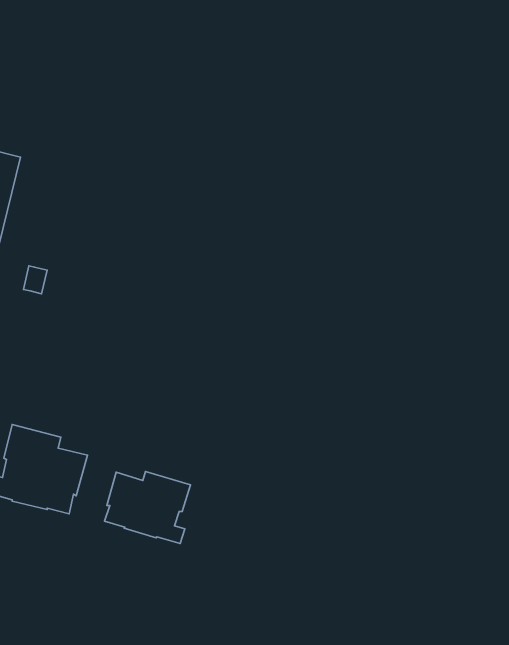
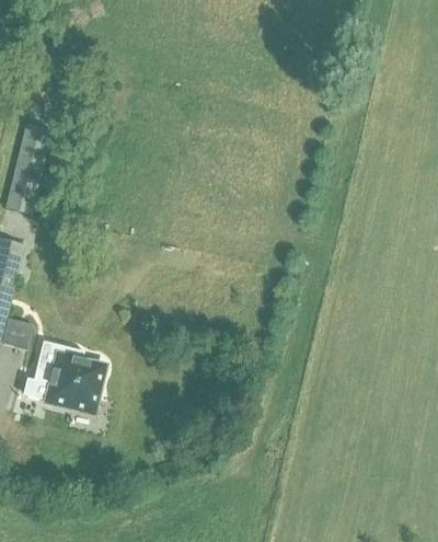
building: [104,472,190,543] -> none

